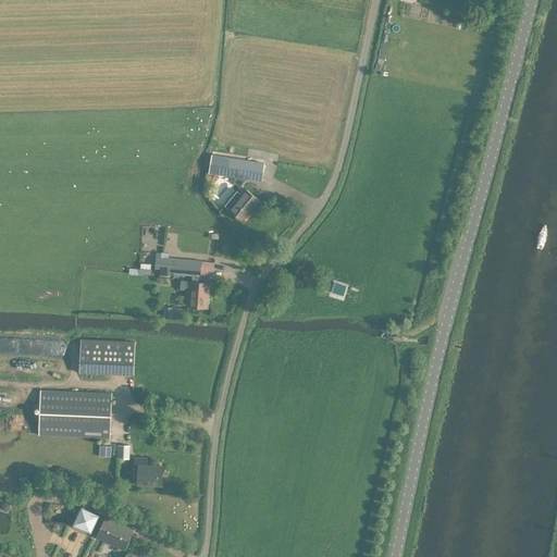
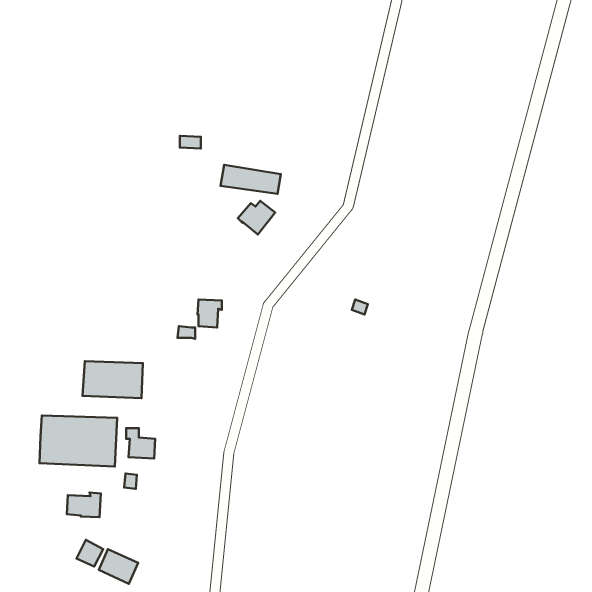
building: [153,252,201,276] -> none
building: [134,457,161,485] -> [126,428,155,458]
building: none -> [67,493,101,517]

